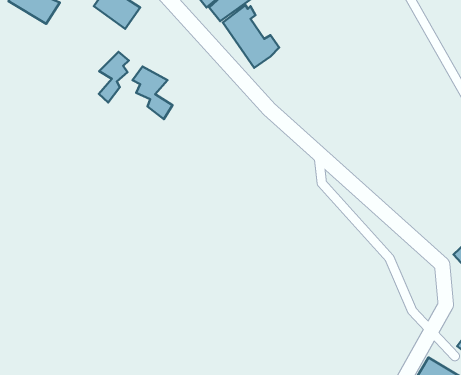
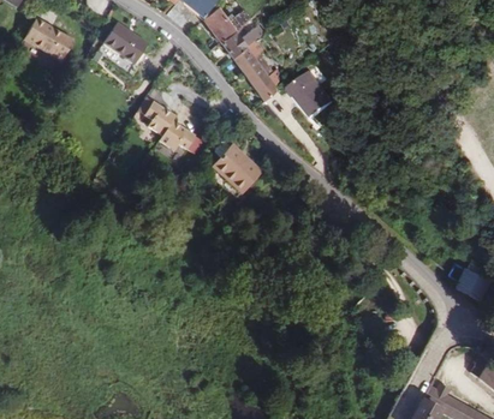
building: none -> [288,74,331,120]
building: [99,52,129,103] -> none
building: none -> [208,142,256,192]

